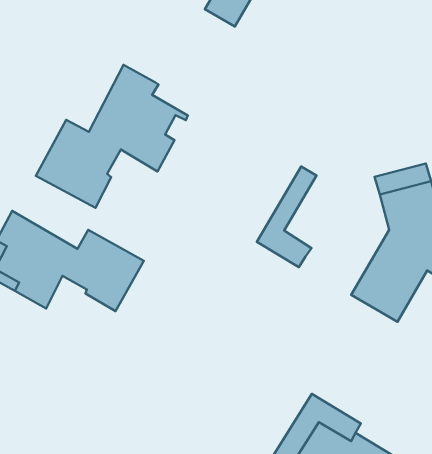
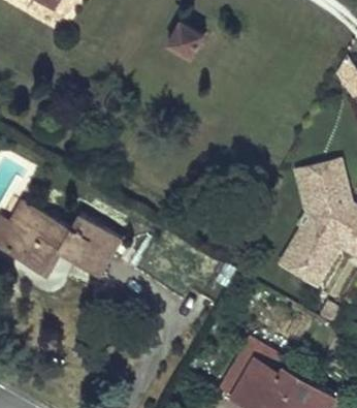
building: [36,65,188,208] -> none
building: [257,166,316,267] -> none

